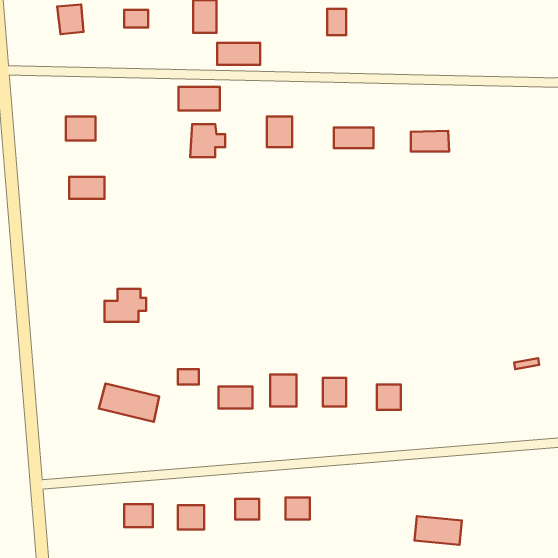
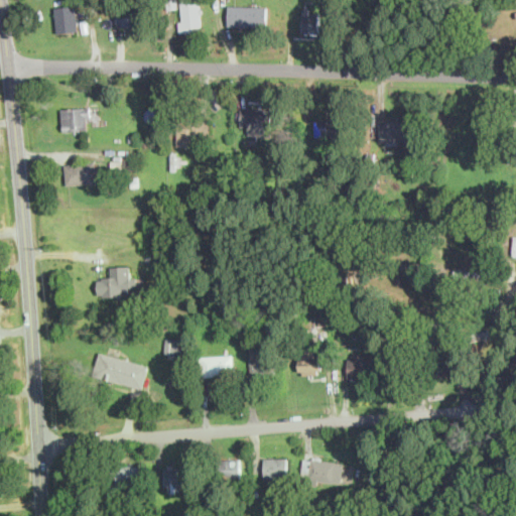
building: [217,43,260,65] -> [226,7,265,27]
building: [179,87,220,111] -> none
building: [415,516,462,545] -> [299,460,343,486]

